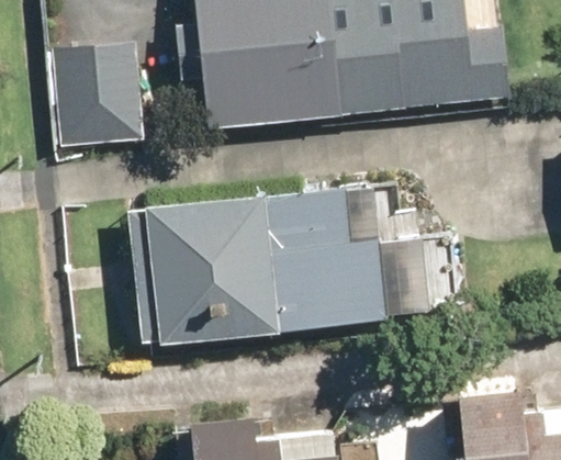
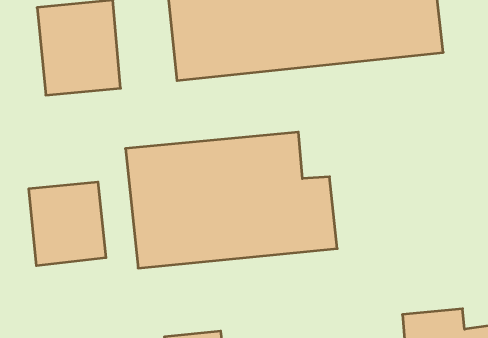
building: none -> [29,182,106,266]

